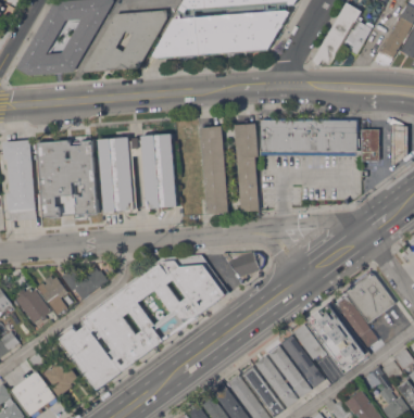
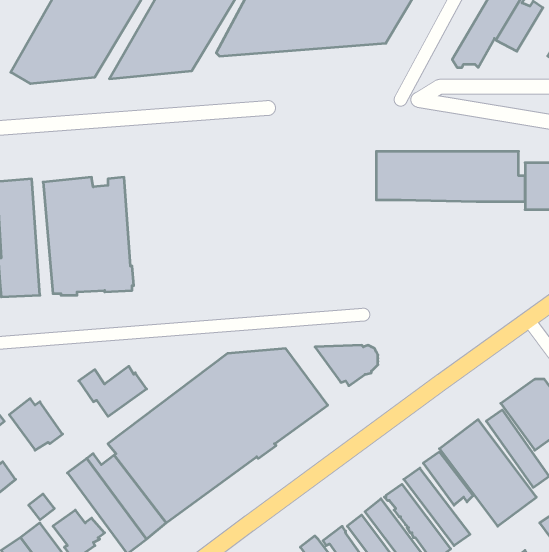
building: [234,123,261,212] -> none
building: [200,126,227,214] -> none
building: [98,134,176,214] -> none
building: [36,276,66,314] -> none

